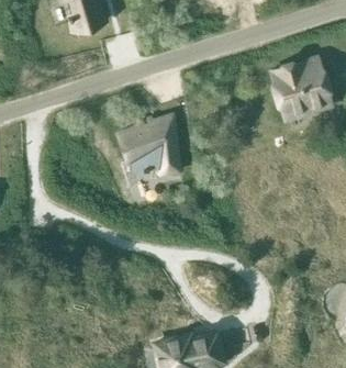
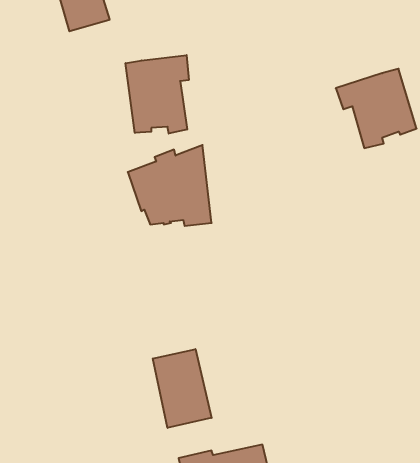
building: none -> [126,55,189,134]
building: none -> [153,349,212,428]

